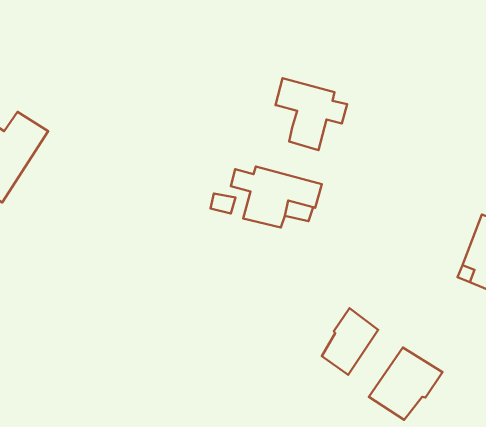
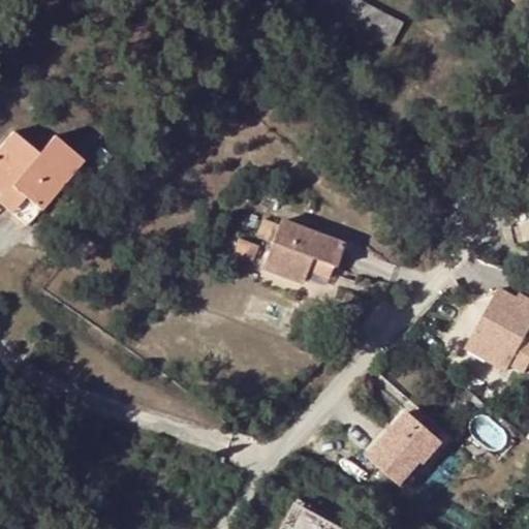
building: [276,78,347,150] -> none
building: [322,308,378,375] -> none

